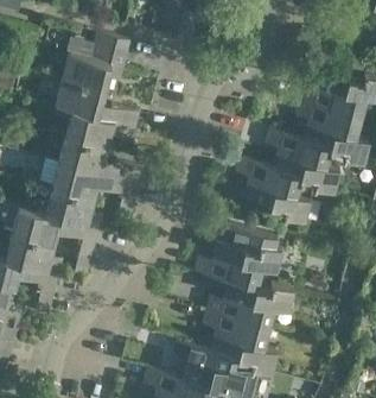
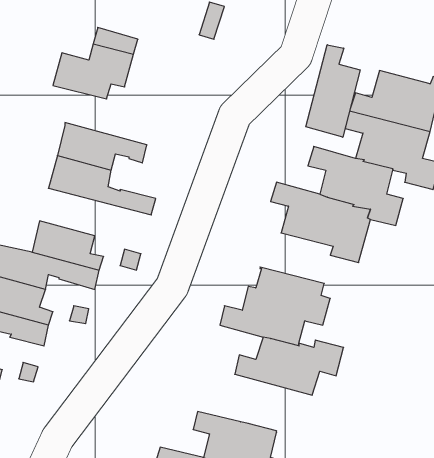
building: none -> [306,45,360,137]
building: [55,80,140,127] -> none
building: [51,162,140,200] -> none
building: [202,310,278,372] -> none

